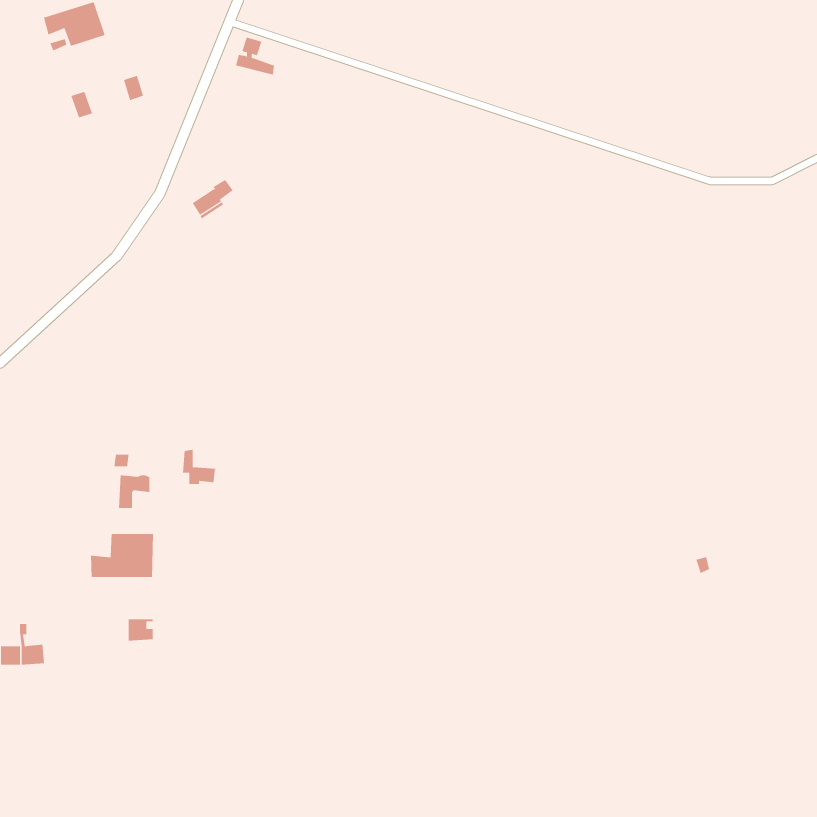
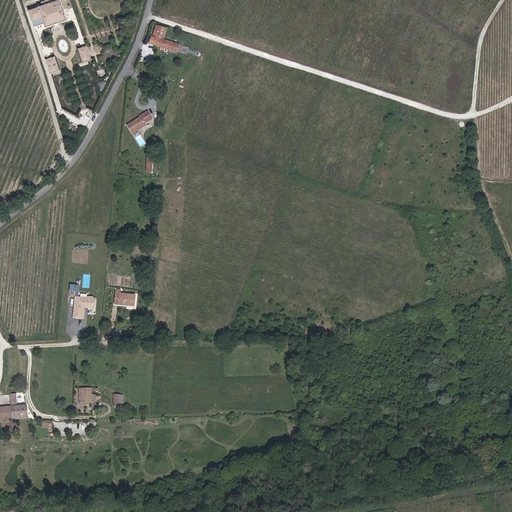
building: [90,533,153,578] -> none

